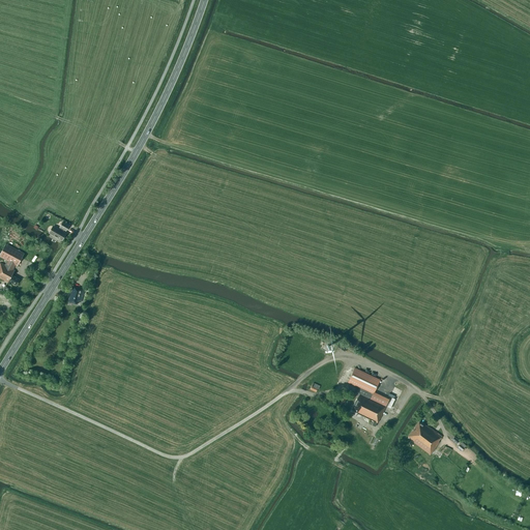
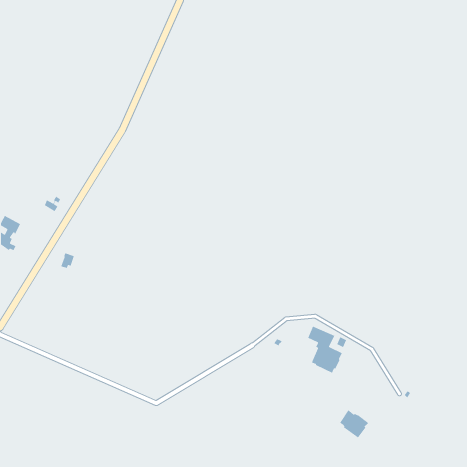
building: [408,421,442,454] -> [339,409,369,438]

